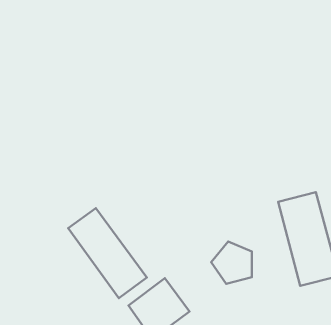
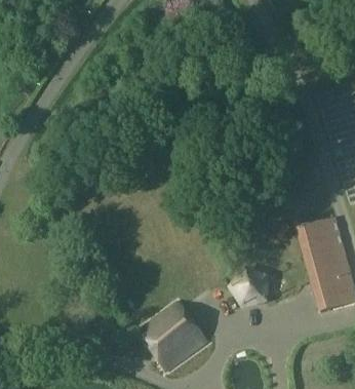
building: [68,208,147,298] -> none

